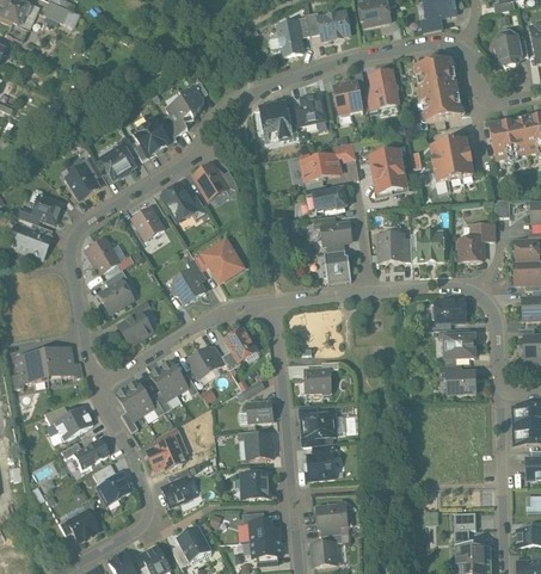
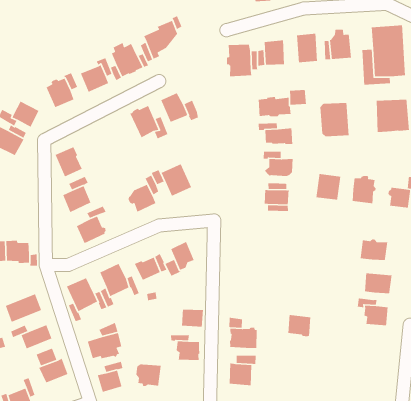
building: [133,208,164,240] -> none
building: [305,369,331,391] -> [287,314,311,337]
building: [241,473,269,499] -> [135,363,162,387]

